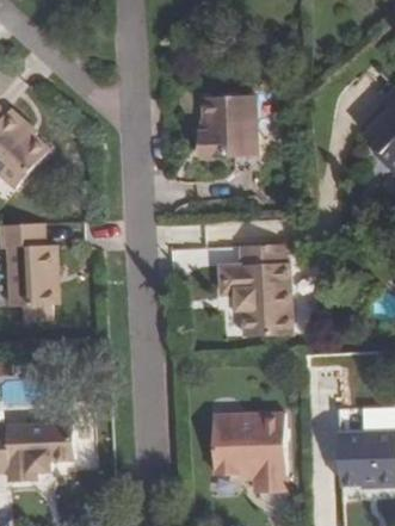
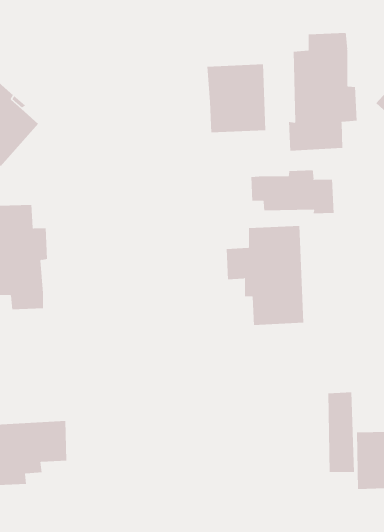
building: none -> [289,32,357,152]
building: none -> [251,169,334,214]
building: [211,413,284,490] -> none

